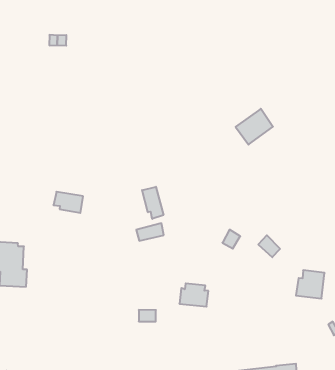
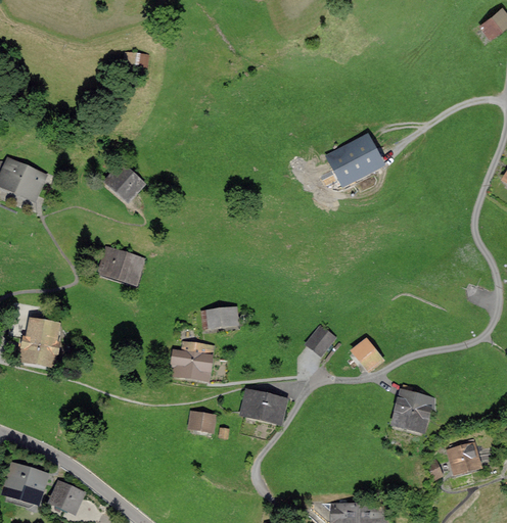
building: [236,109,273,145] -> [332,140,379,183]
building: none -> [109,167,142,199]
building: [142,187,163,219] -> none
building: none -> [173,344,211,378]

